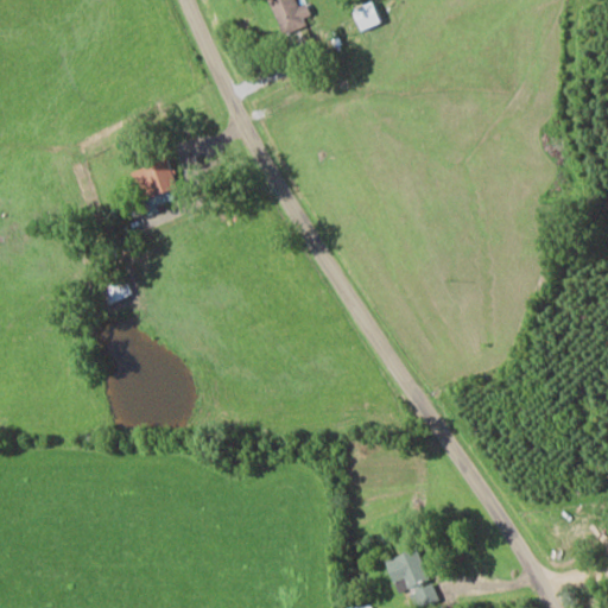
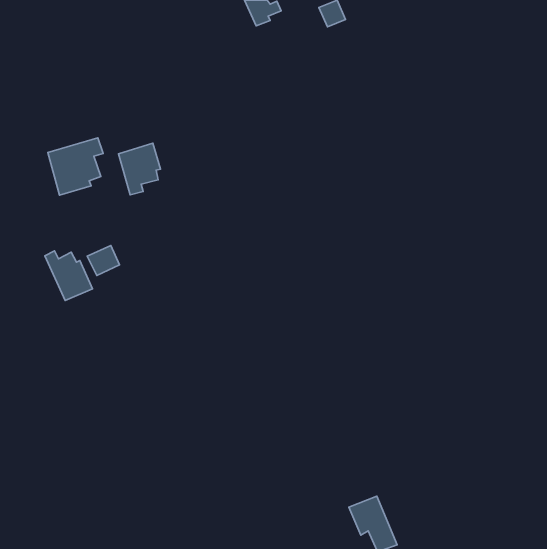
building: none -> [48,138,103,195]
building: none -> [45,251,93,300]

